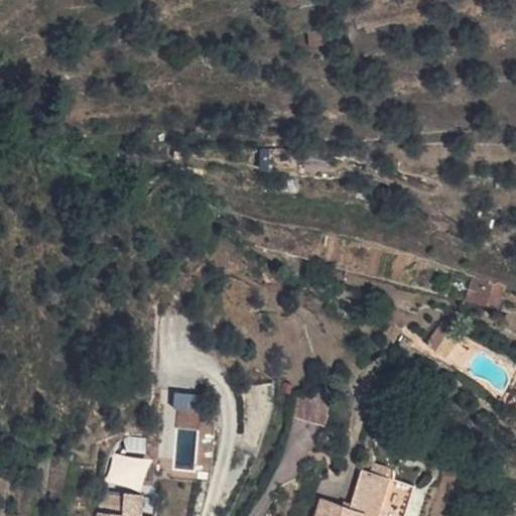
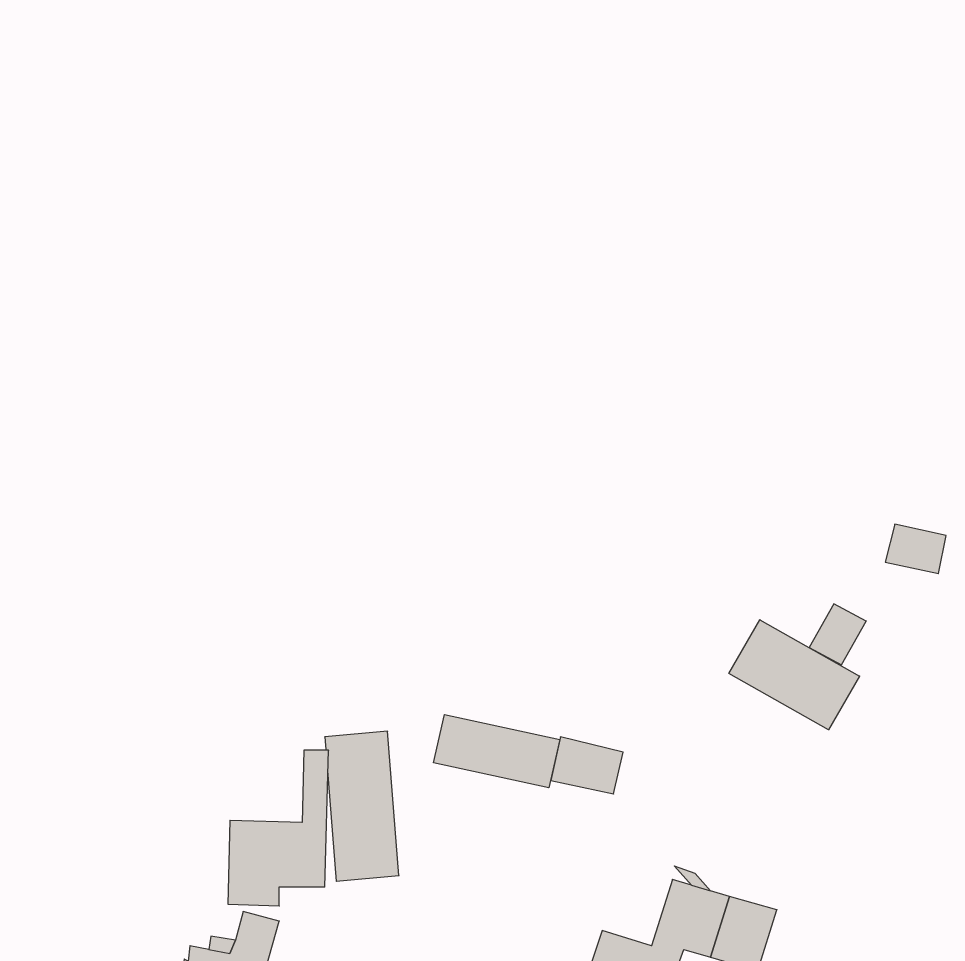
building: none -> [729,620,860,730]
building: none -> [434,715,560,788]

